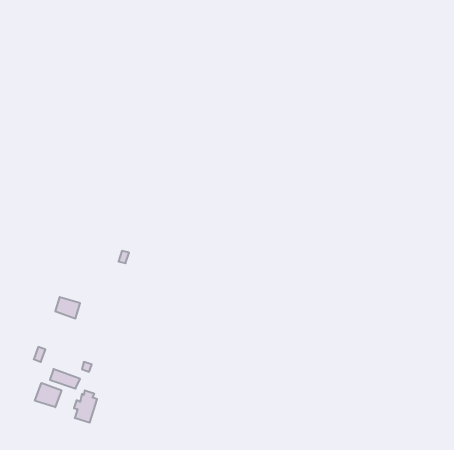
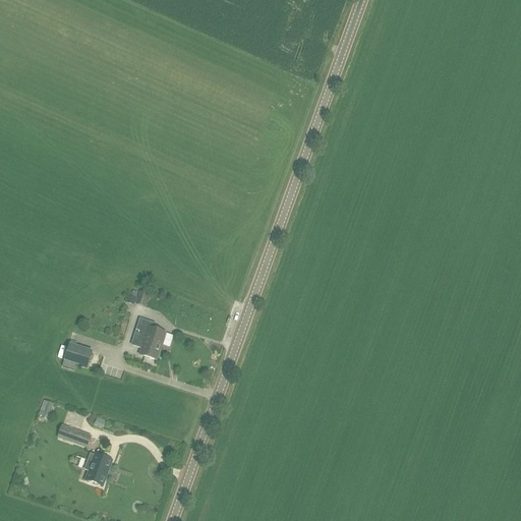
building: none -> [131,326,165,358]
building: [35,383,61,407] -> none

